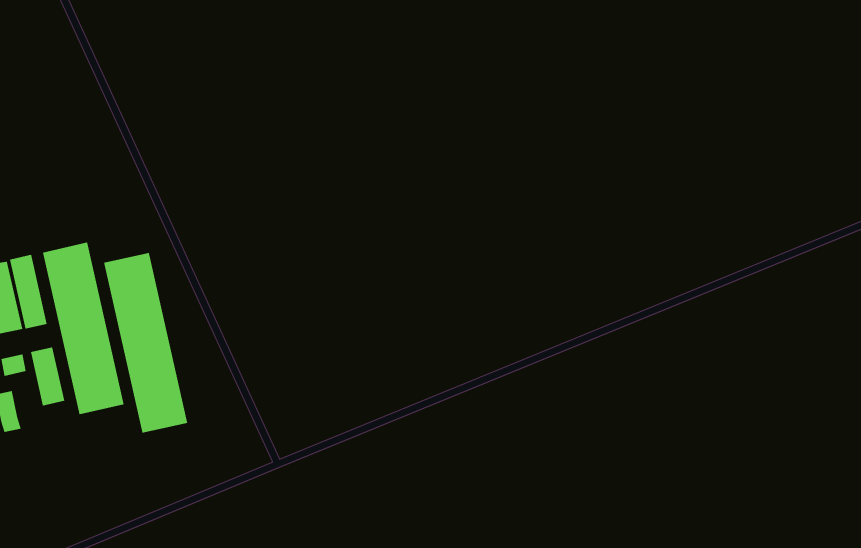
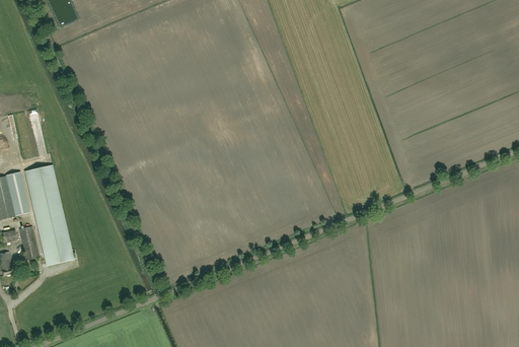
building: [103,252,188,433] -> none

